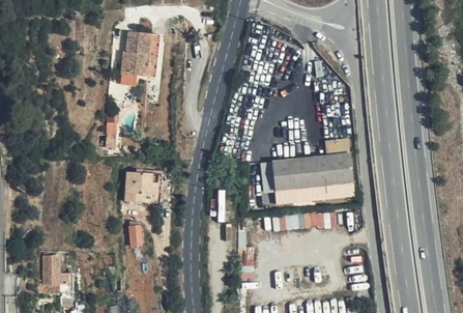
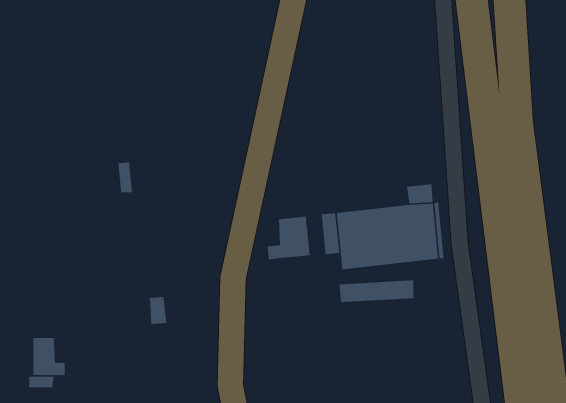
building: [119,31,151,85] -> none
building: none -> [267,216,311,260]
building: [124,172,158,202] -> none

